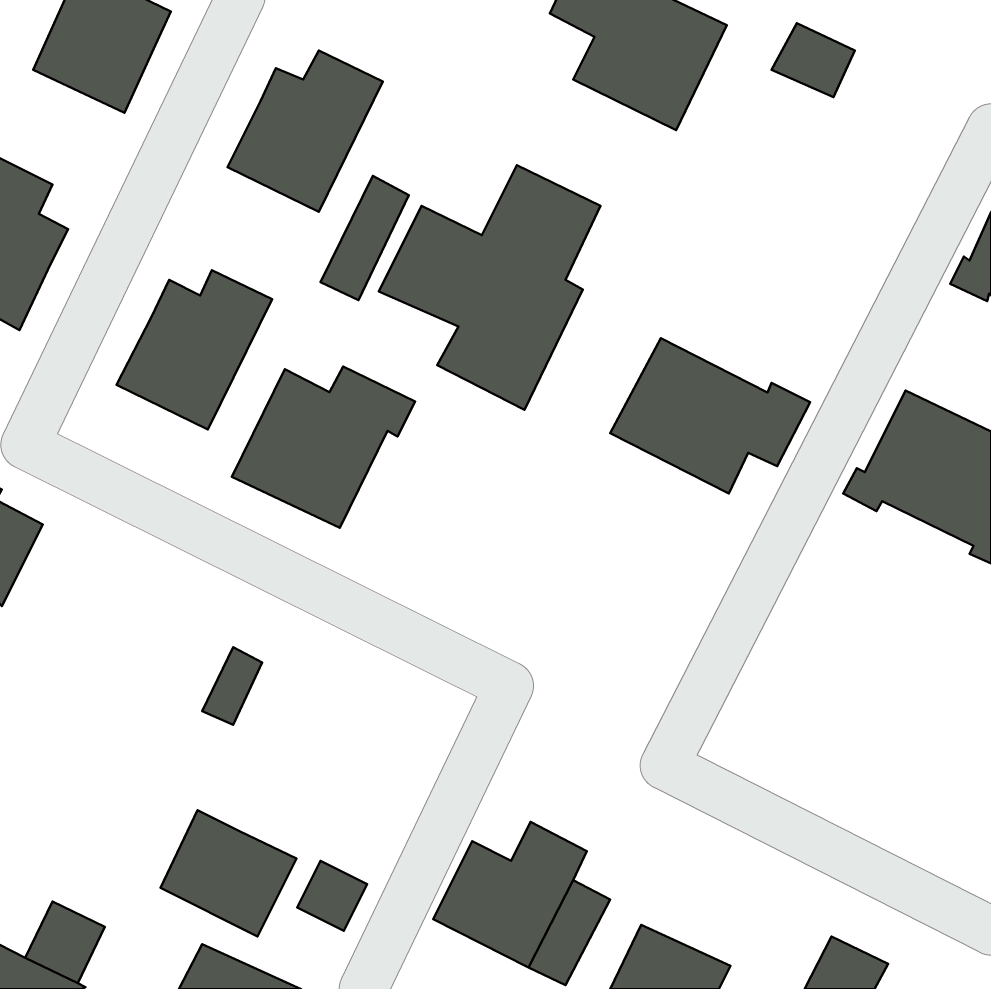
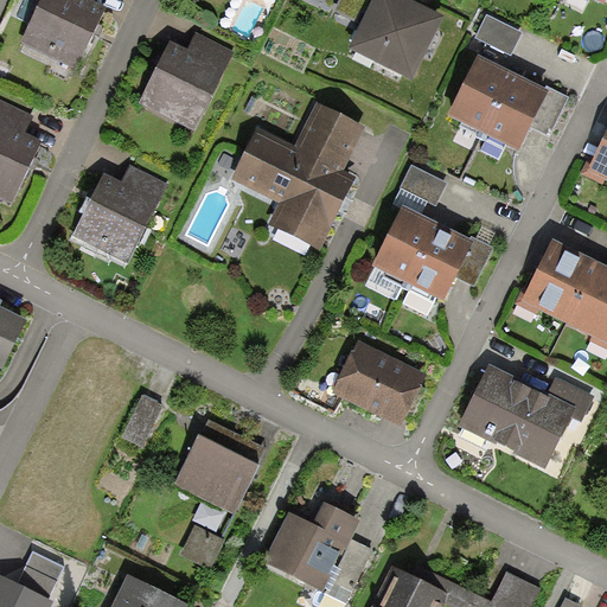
building: none -> [447,55,568,152]
building: [321,176,409,300] -> none
building: none -> [398,164,447,205]
building: [232,367,415,528] -> none
building: none -> [333,338,427,424]
building: none -> [458,366,599,468]
building: [160,810,296,936] -> [175,435,258,512]

